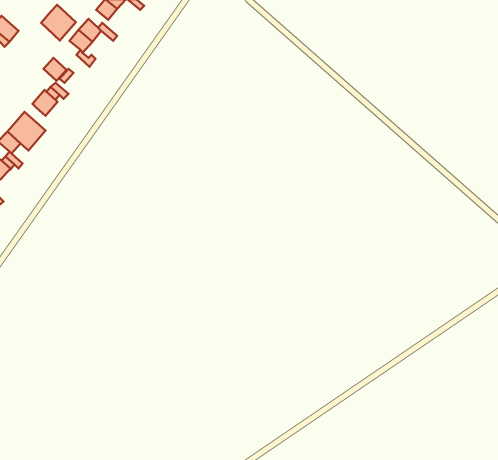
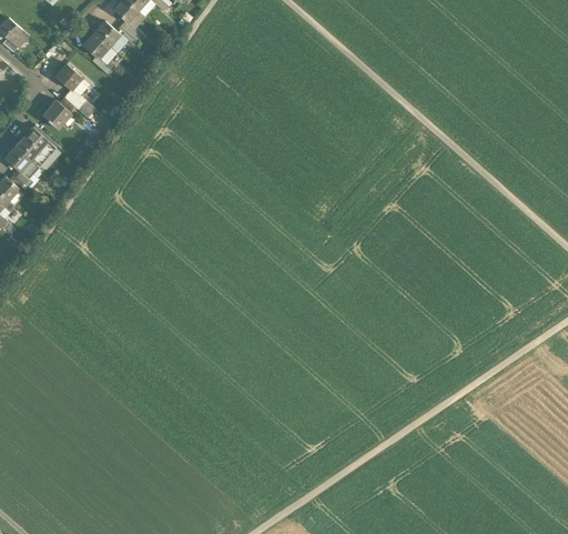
building: [41,5,76,40] -> none

